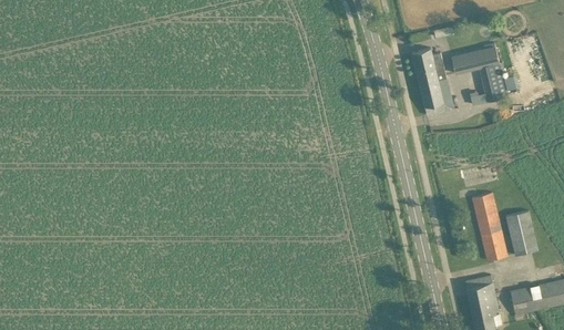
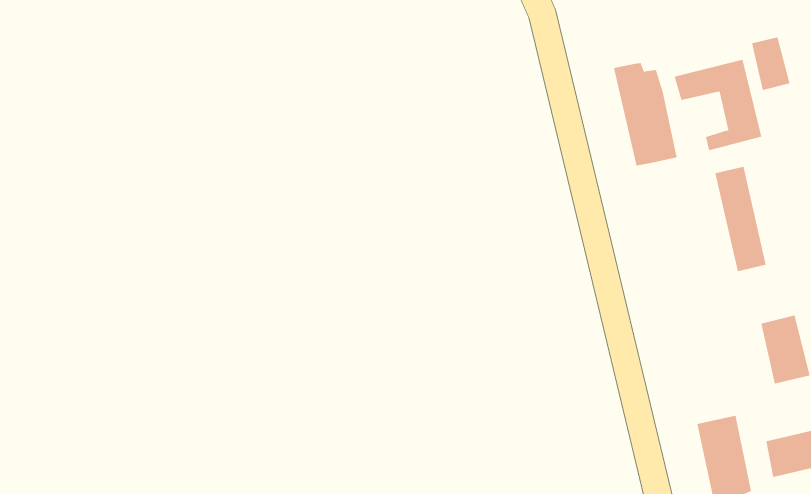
building: none -> [751,37,790,91]
building: [473,193,506,260] -> [715,166,767,272]

